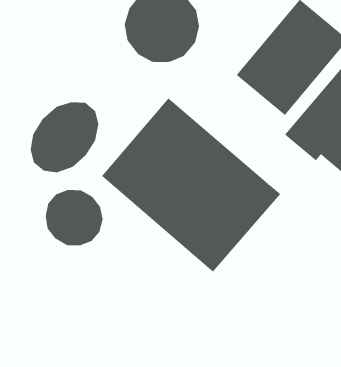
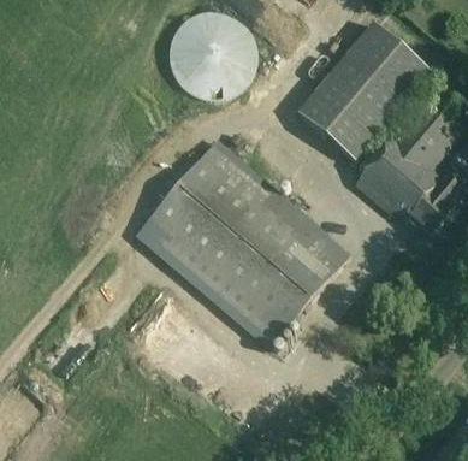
building: [30,101,99,173] -> none
building: [45,189,103,246] -> none

